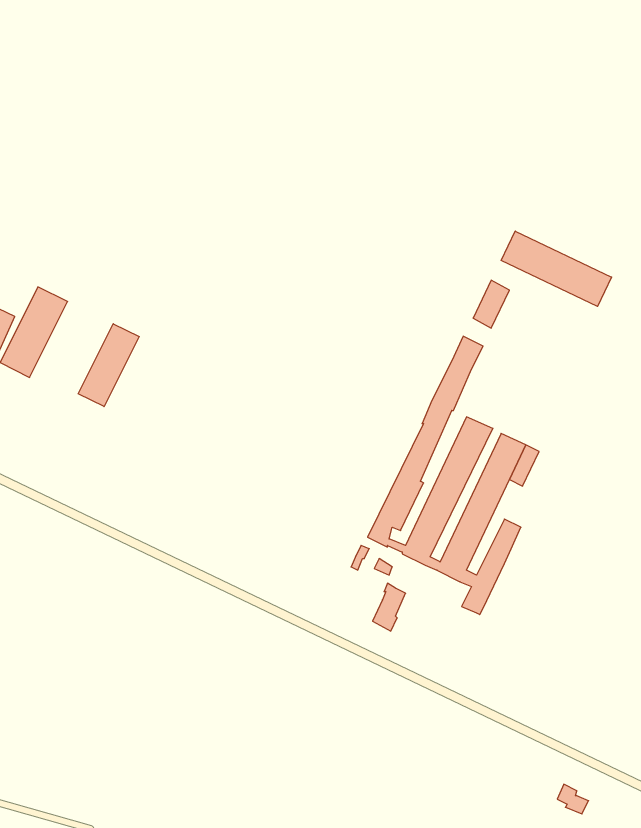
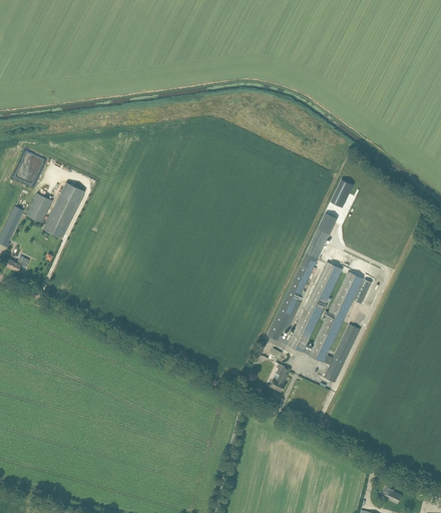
building: [501,231,612,306] -> none
building: [78,324,139,407] -> none

